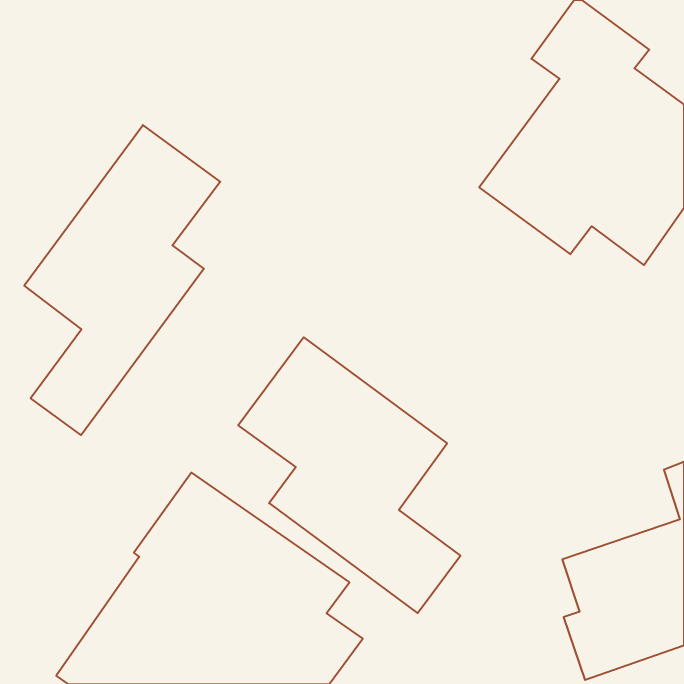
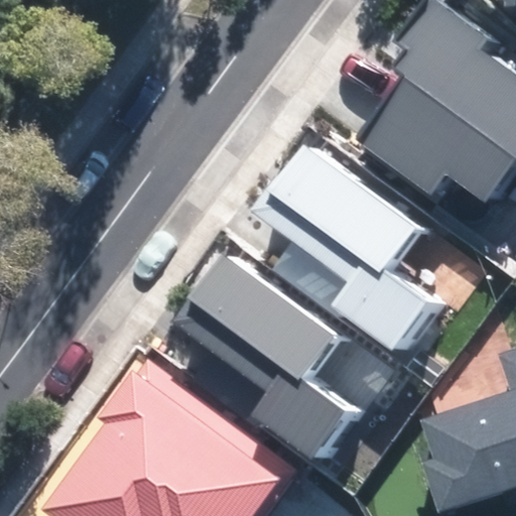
building: [24,125,220,435] -> none
building: none -> [256,147,423,354]

